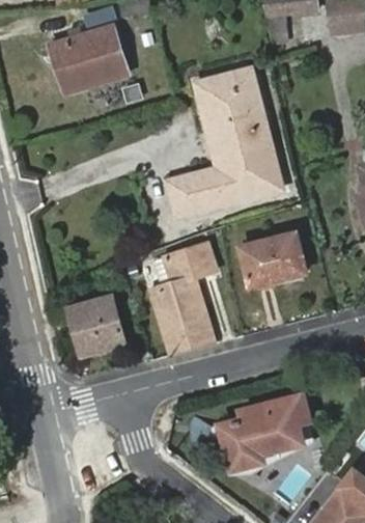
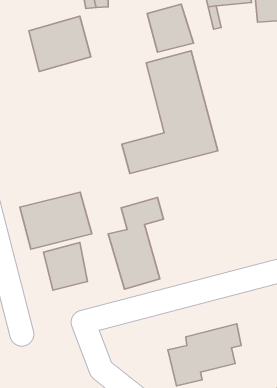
building: none -> [147,4,193,52]
building: [241,231,306,284] -> none
building: none -> [20,192,92,249]

